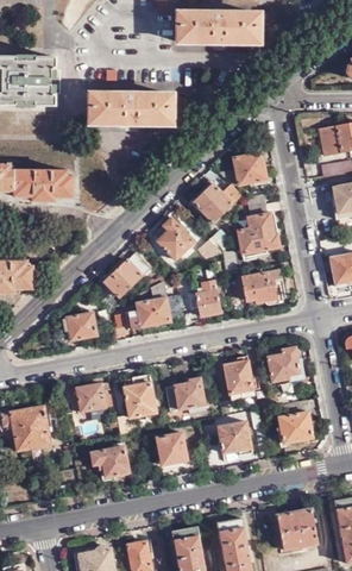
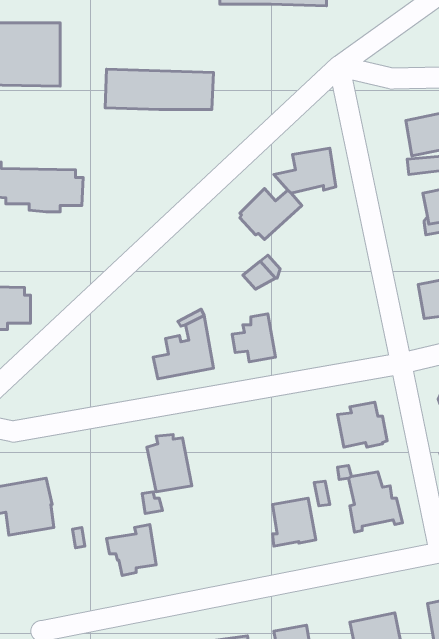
building: [237,195,278,261] -> none
building: [156,211,194,259] -> none
building: [101,251,150,299] -> none
building: [240,271,285,305] -> none
building: [67,312,98,339] -> none
building: [224,356,253,399] -> none
building: [165,376,206,415] -> none
building: [73,383,115,412] -> none
building: [156,432,191,465] -> none

